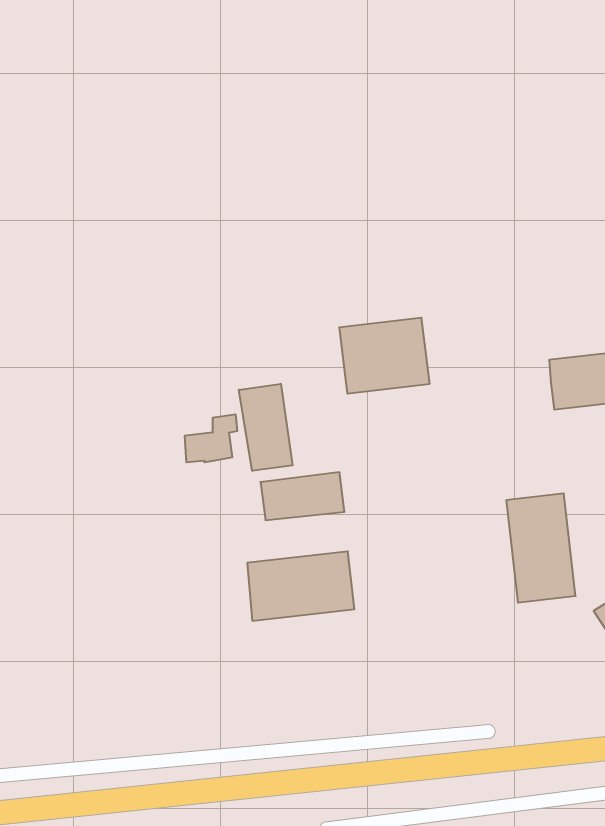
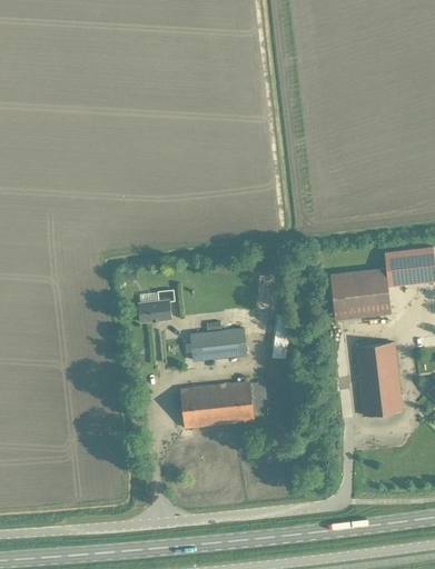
building: [339,318,430,394] -> [330,268,392,319]
building: [239,384,292,471] -> none

